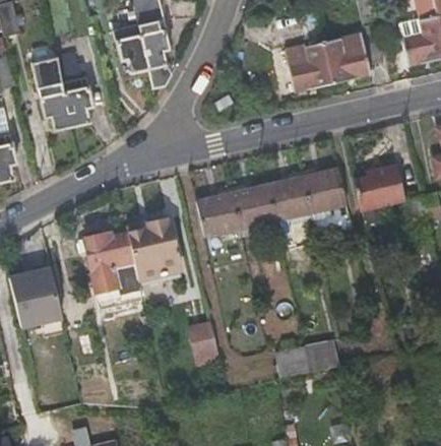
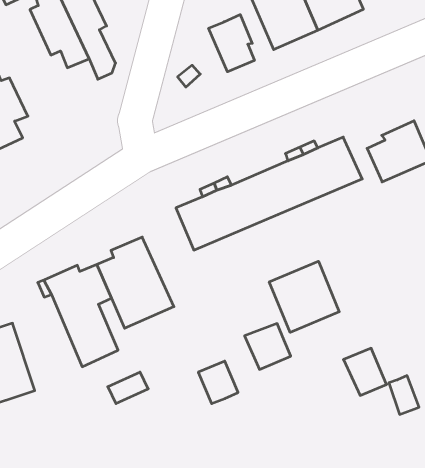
building: none -> [209,15,254,72]
building: none -> [269,261,339,332]
building: [276,343,310,377] -> [245,324,291,369]

